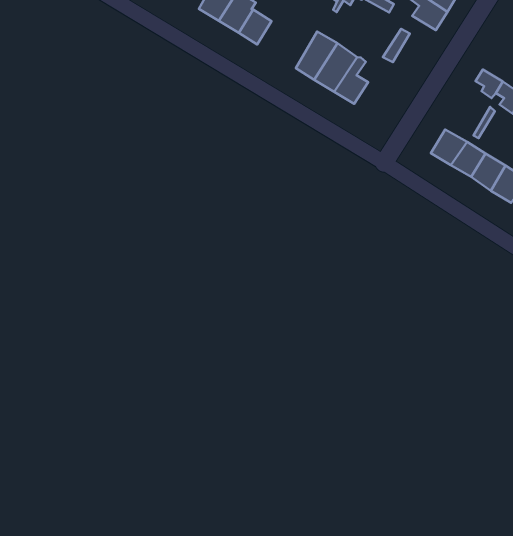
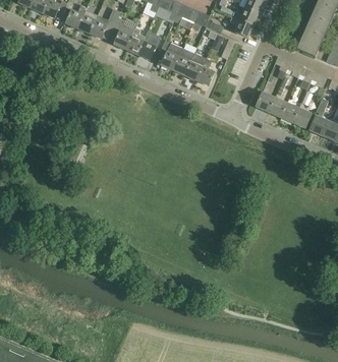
building: none -> [160,41,183,70]

